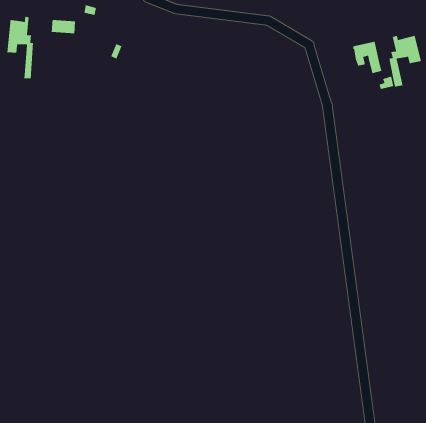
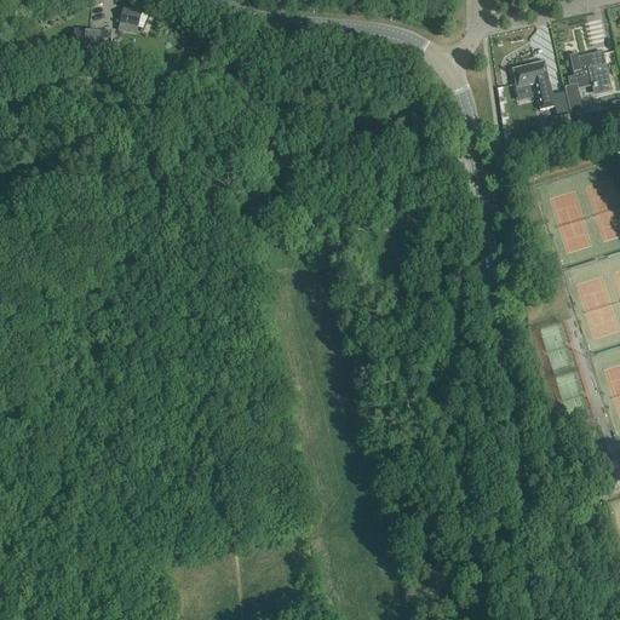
building: [6,16,34,79] -> none

